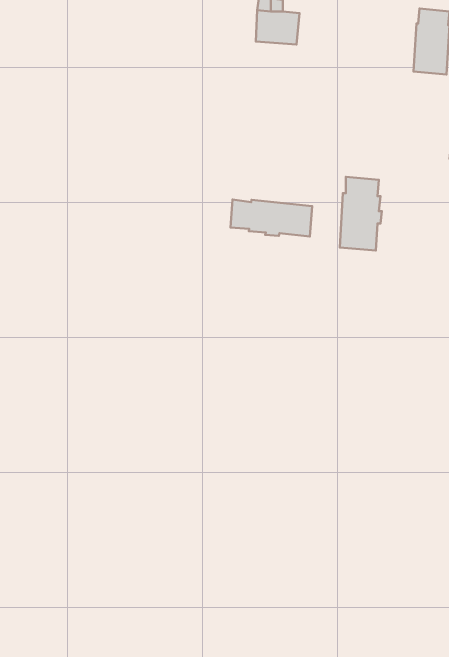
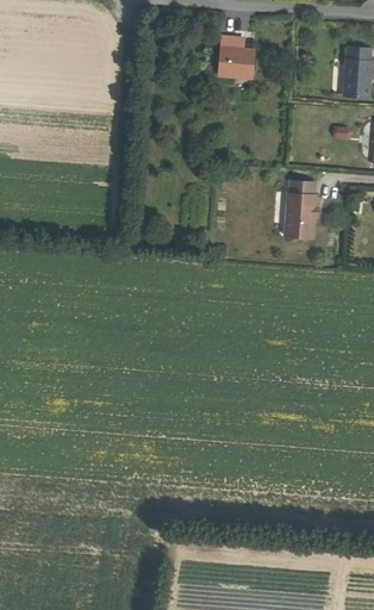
building: [231,200,312,236] -> none

